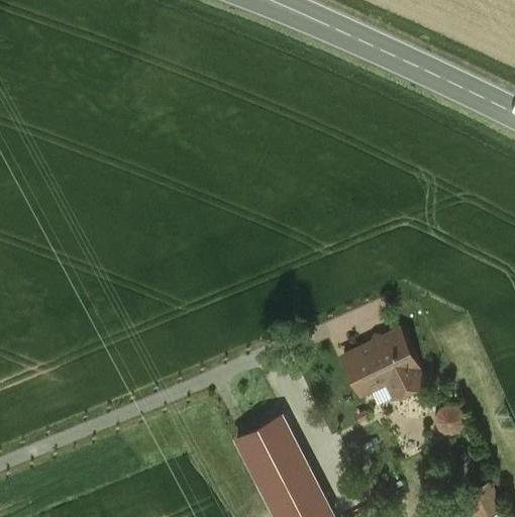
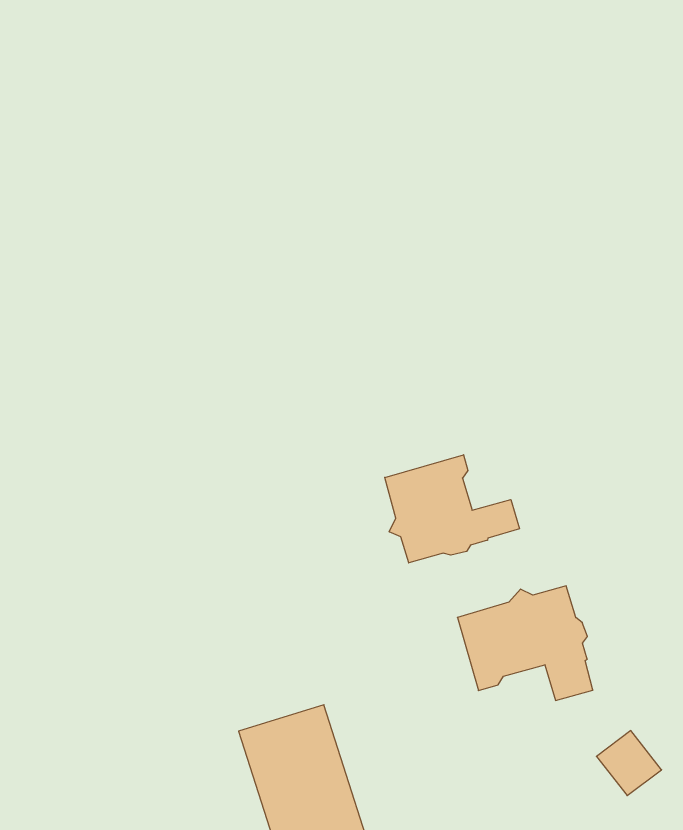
building: none -> [385,455,520,563]

